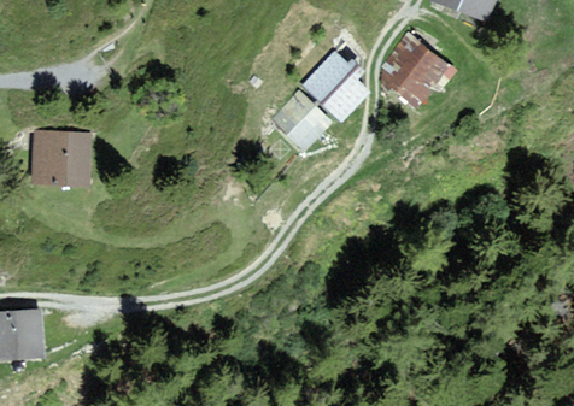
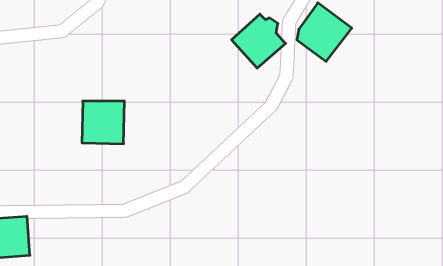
building: [277,90,333,151] -> none
building: [33,131,87,186] -> [82,101,124,144]

